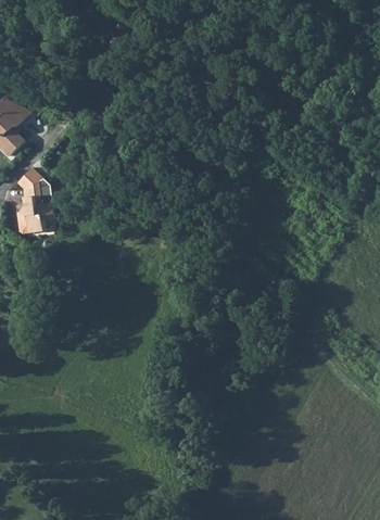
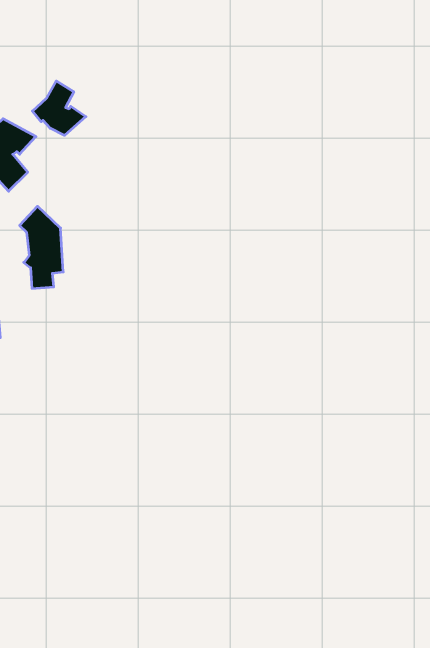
building: none -> [32,81,86,135]

